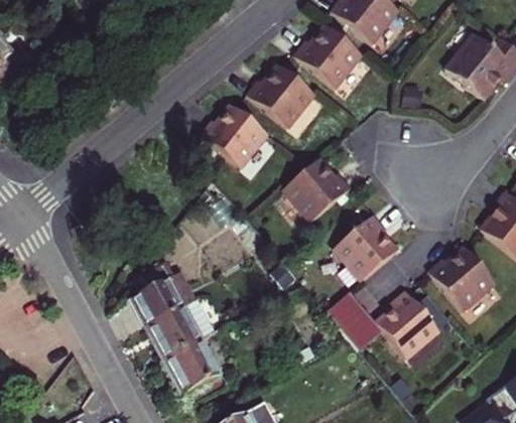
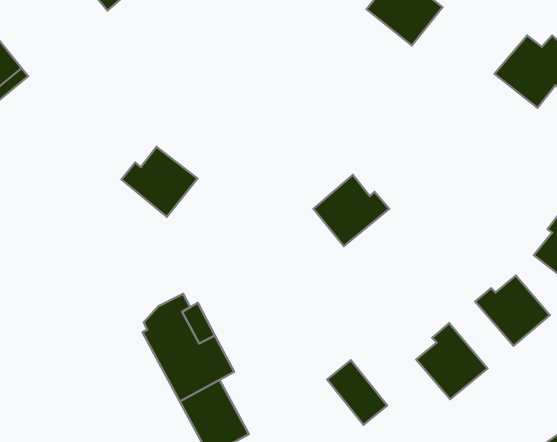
building: [294,25,362,88] -> none
building: [247,64,314,127] -> none
building: [201,105,268,167] -> [122,147,197,217]
building: [334,215,397,281] -> none
building: [329,293,382,350] -> [327,360,387,425]

